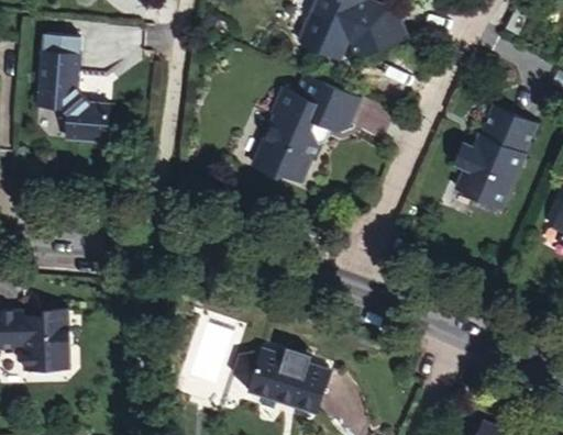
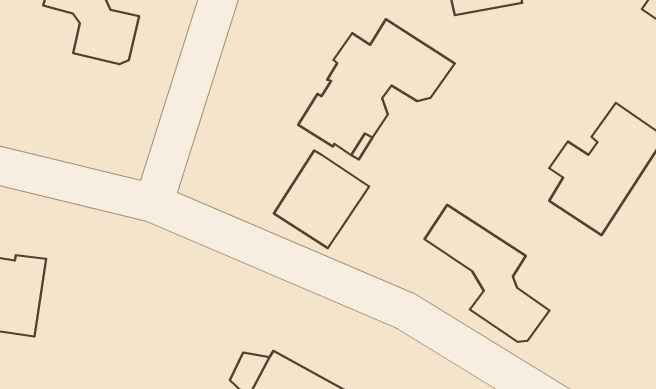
building: none -> [274,150,369,248]
building: none -> [425,205,549,342]

